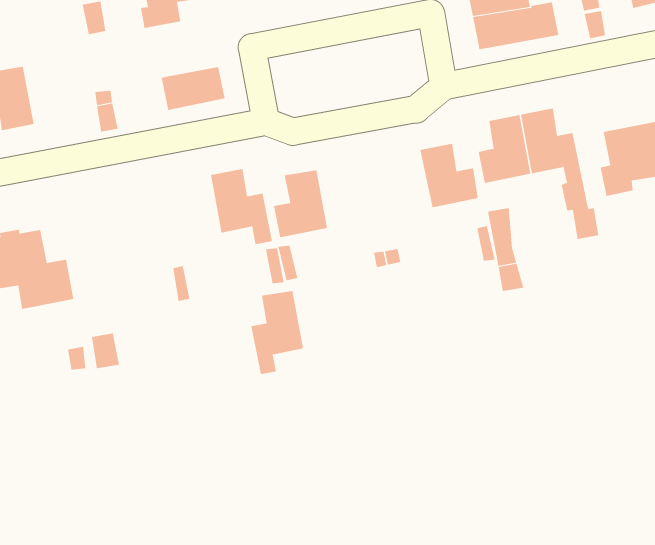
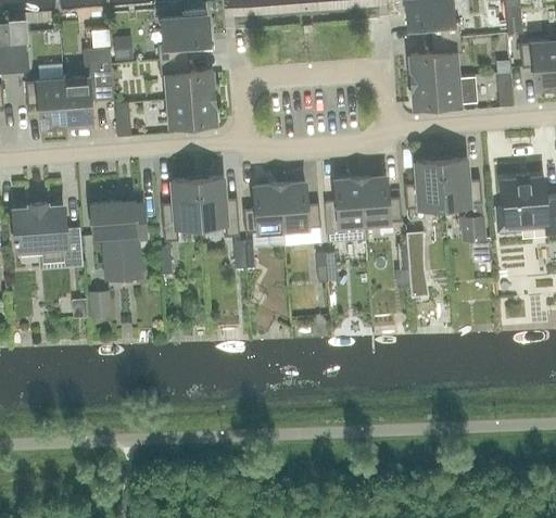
building: none -> [64,47,114,125]
building: none -> [160,59,214,100]
building: none -> [325,178,366,242]
building: none -> [280,182,321,230]
building: none -> [92,202,146,271]
building: [250,290,304,375] -> [162,179,201,241]

